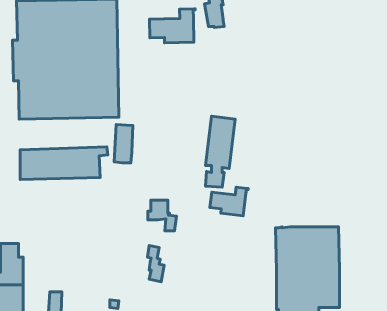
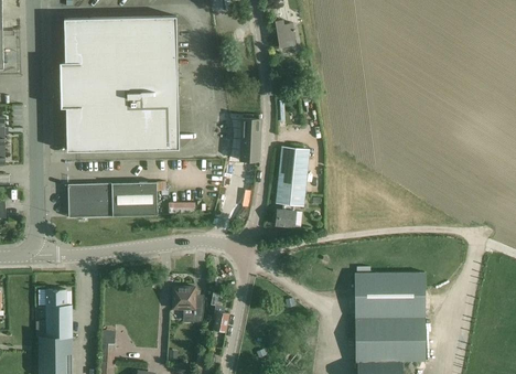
building: [150,9,195,43] -> none
building: [114,124,133,163] -> [240,118,261,161]
building: [210,187,248,216] -> none
building: [148,200,177,231] -> [172,287,204,321]

